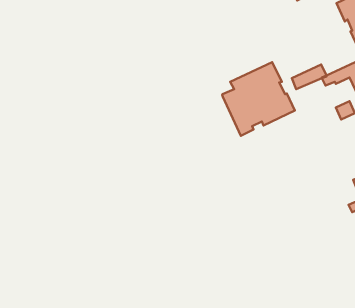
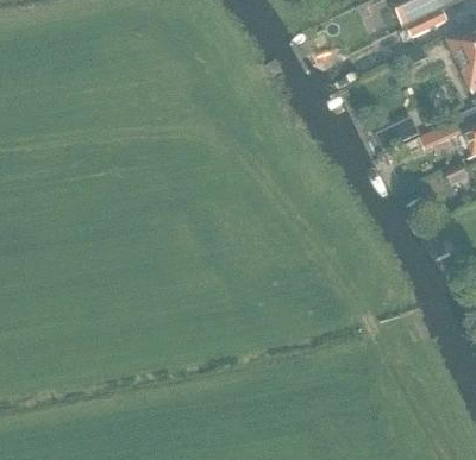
building: [222,62,295,136] -> none

